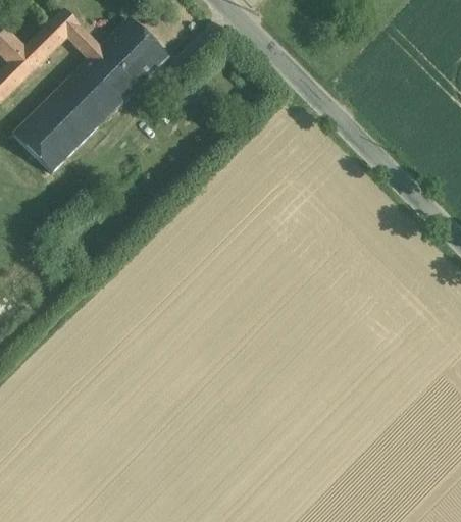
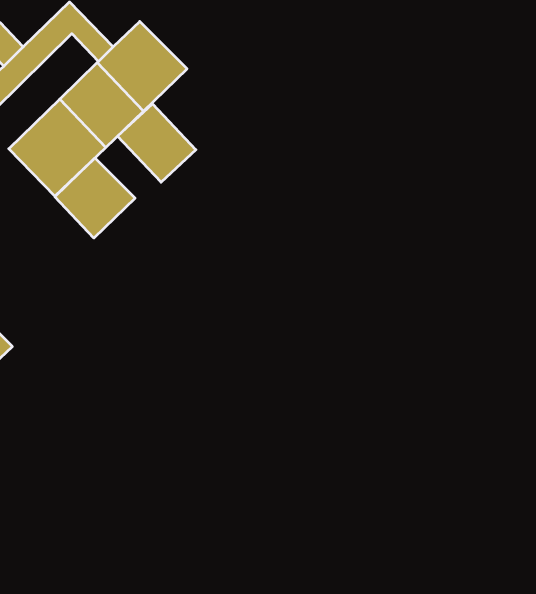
building: none -> [117,104,196,182]
building: none -> [55,158,135,238]

